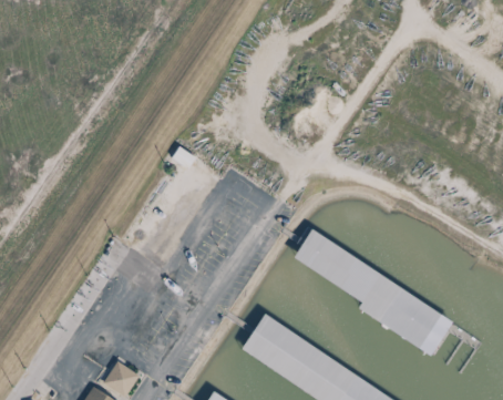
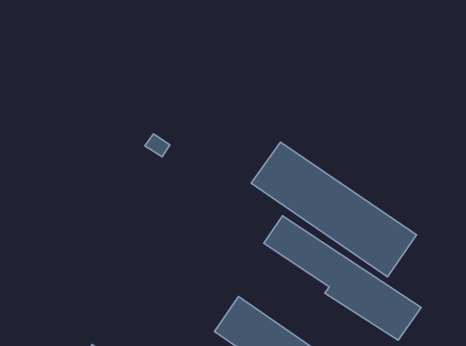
building: none -> [251,142,417,277]

